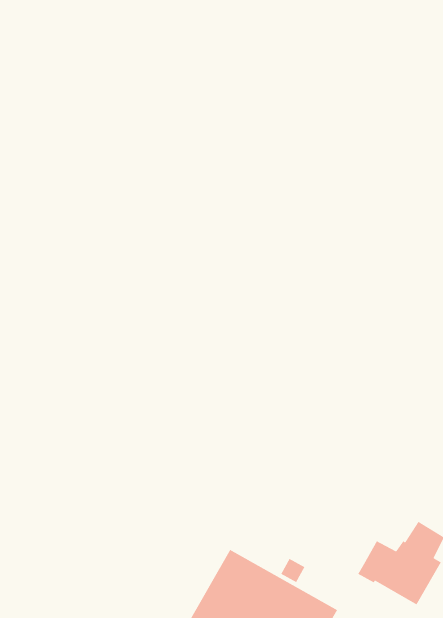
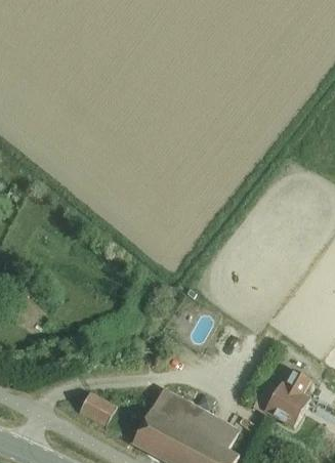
building: none -> [79,390,117,426]

